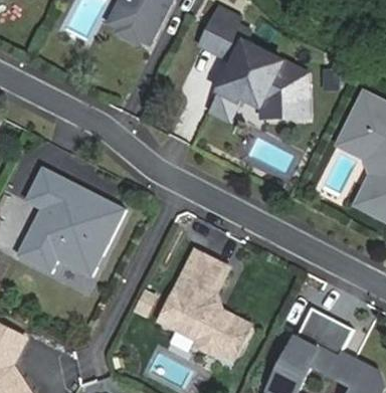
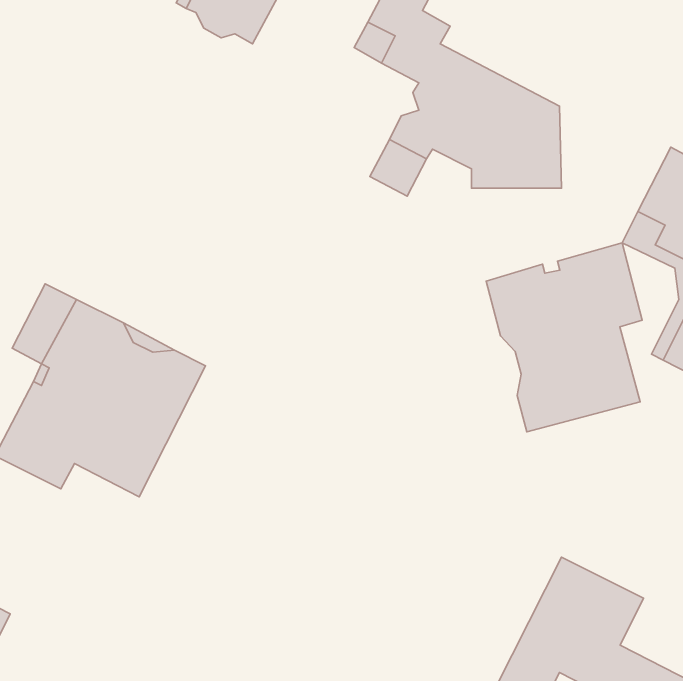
building: none -> [486,243,642,432]
building: [155,249,247,359] -> none

